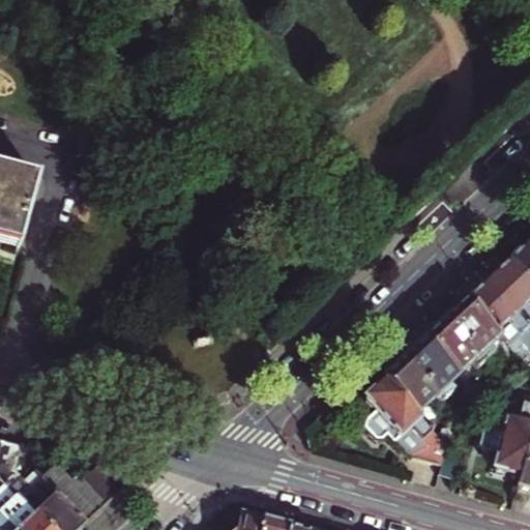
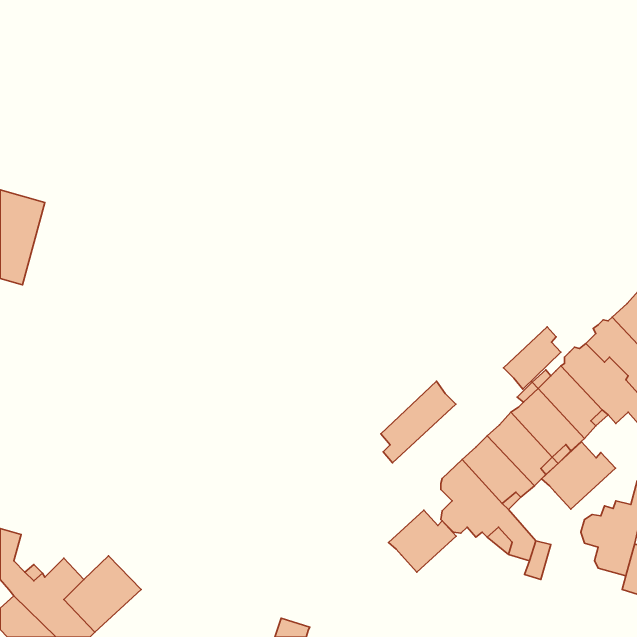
building: none -> [504,327,561,389]
building: none -> [381,381,456,463]
building: none -> [542,442,616,509]
building: none -> [389,510,456,572]

